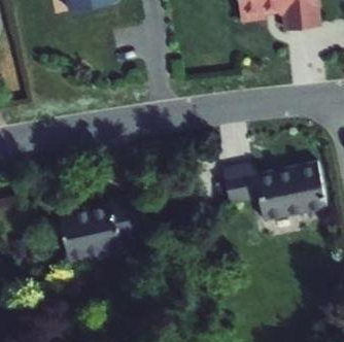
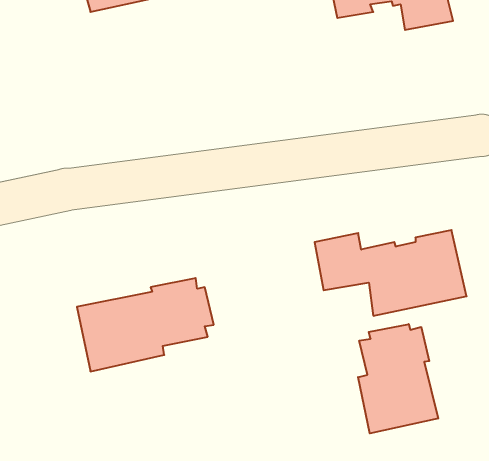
building: none -> [358,324,438,433]

